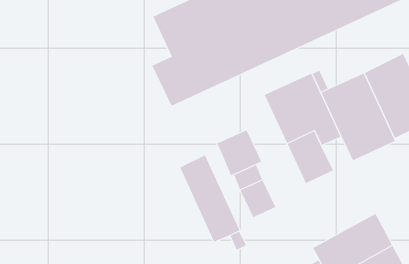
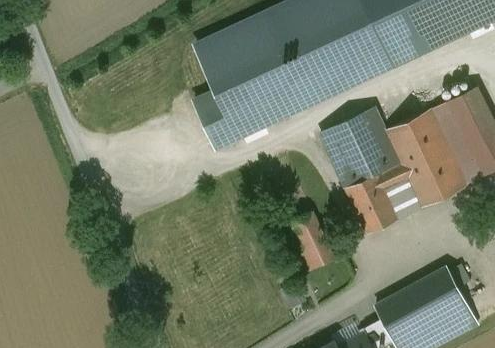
building: [216,129,262,176] -> none
building: none -> [385,181,421,219]
building: [179,154,240,242] -> none

